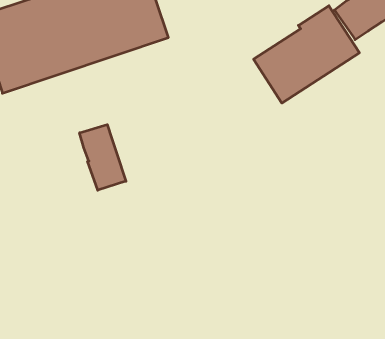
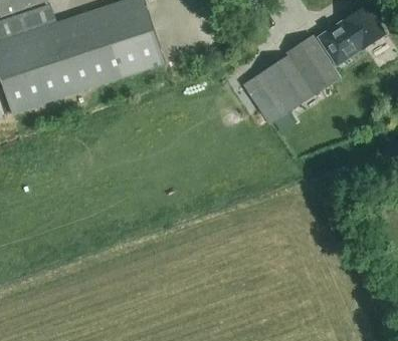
building: [80,125,126,190] -> none

